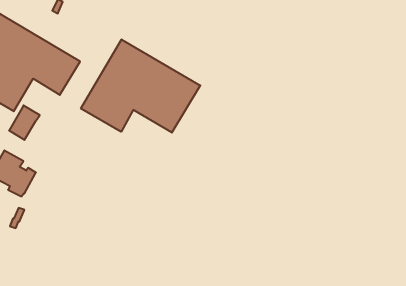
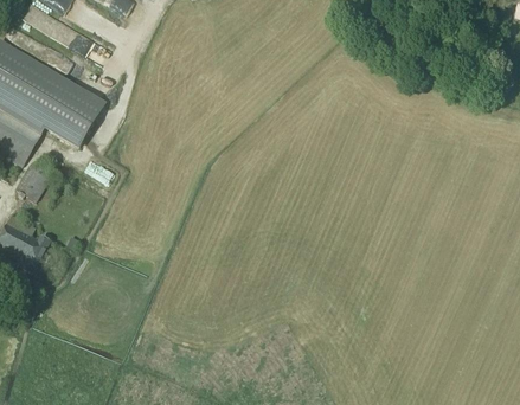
building: [81,39,200,133] -> none

